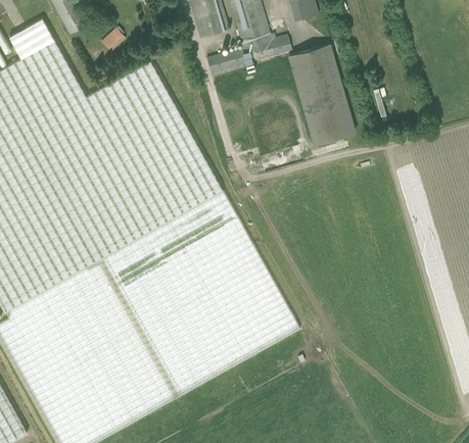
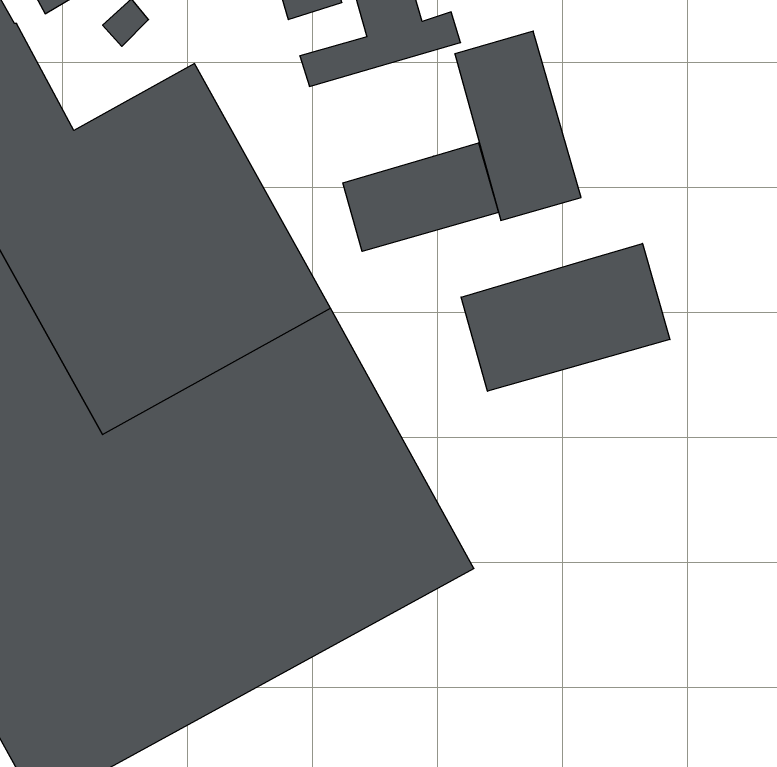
building: none -> [343,143,499,251]
building: none -> [461,243,670,391]

